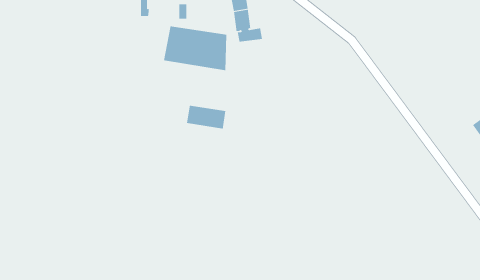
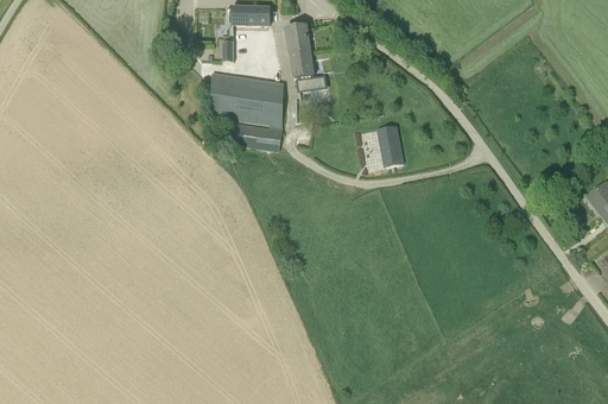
building: none -> [375,124,401,165]
building: [186,105,226,129] -> [230,120,280,150]

